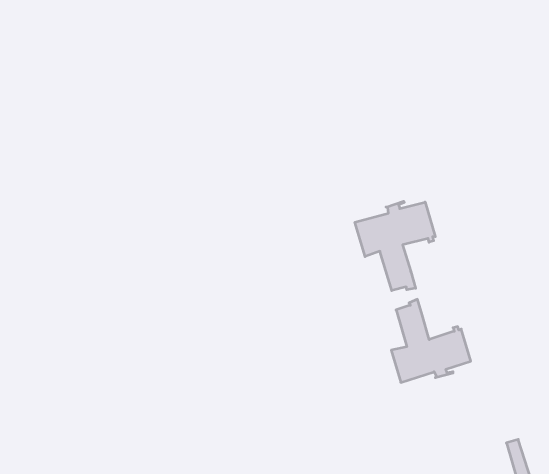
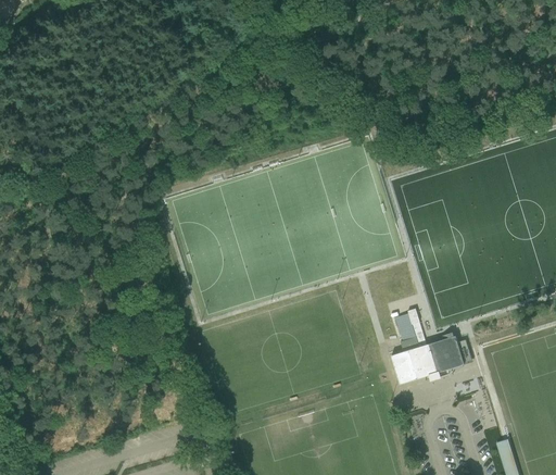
building: [355,201,435,291] -> none

